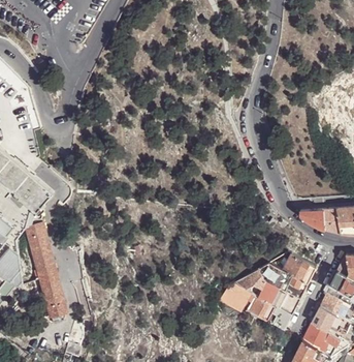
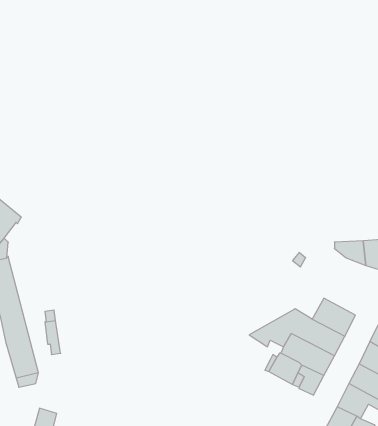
building: [217,284,250,314] -> none

